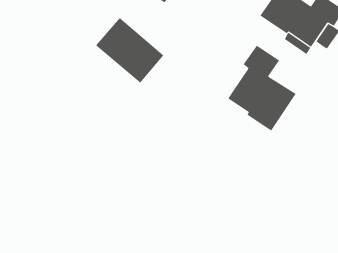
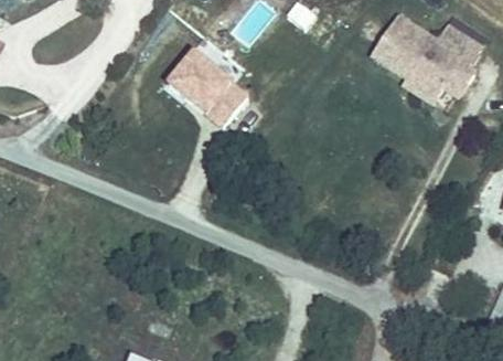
building: [227,45,296,131] -> none

